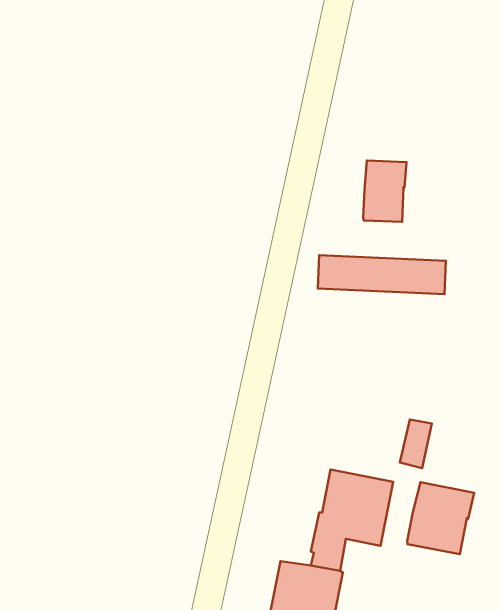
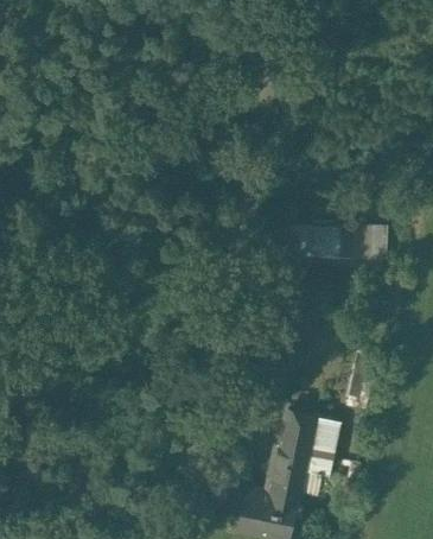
building: [363,161,406,222] -> none
building: [407,482,474,554] -> none

